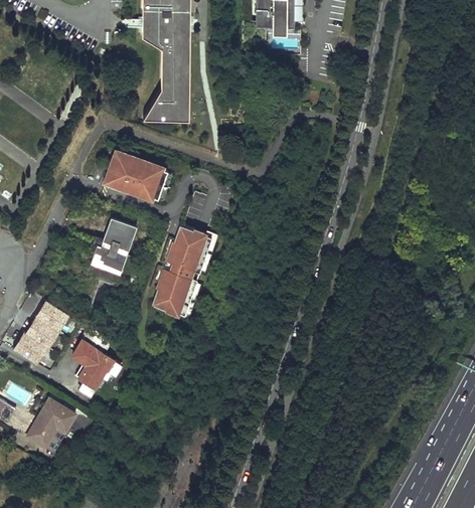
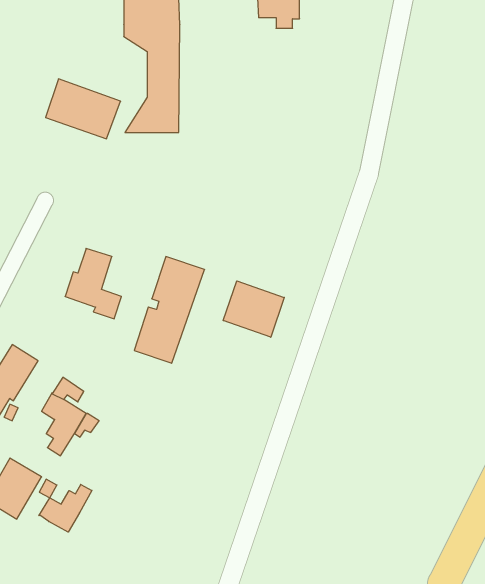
building: [101,152,165,203] -> [46,79,121,139]
building: none -> [223,281,284,337]
building: none -> [39,484,92,532]

